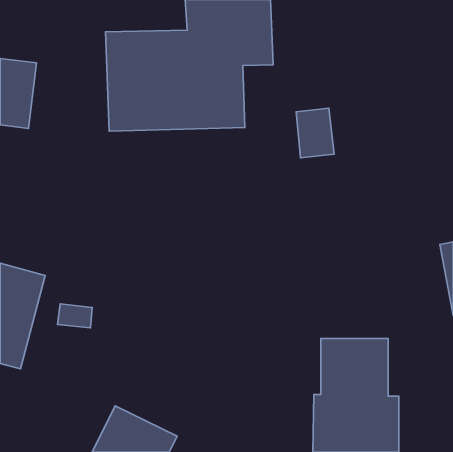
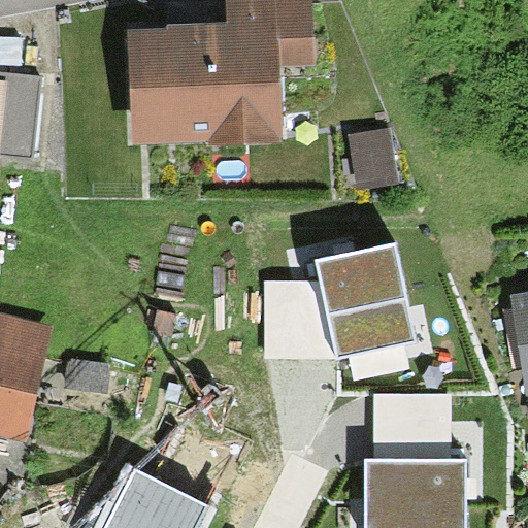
building: none -> [265,244,416,358]

